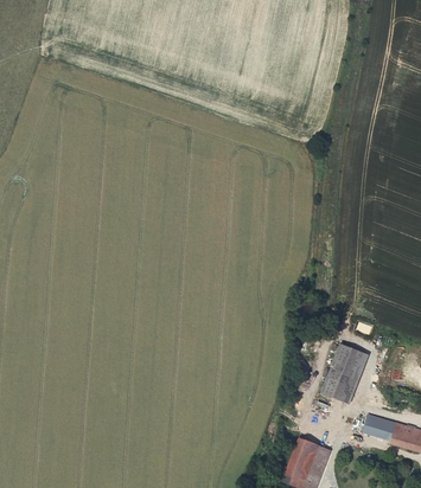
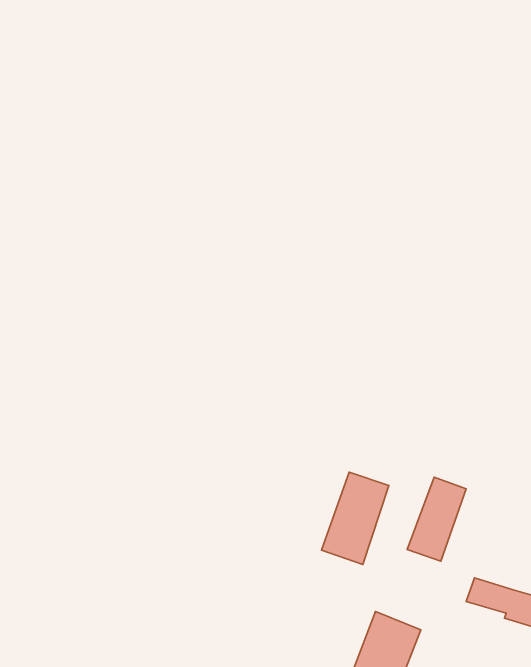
building: none -> [322,472,389,565]

